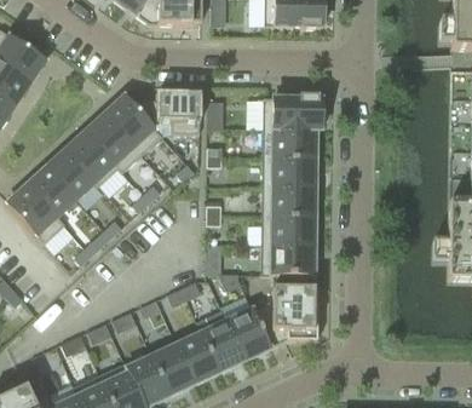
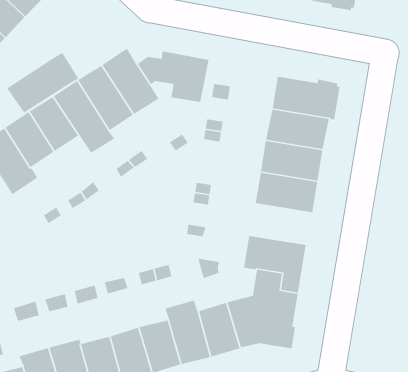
building: none -> [6,52,79,114]
building: [261,214,316,243] -> none

